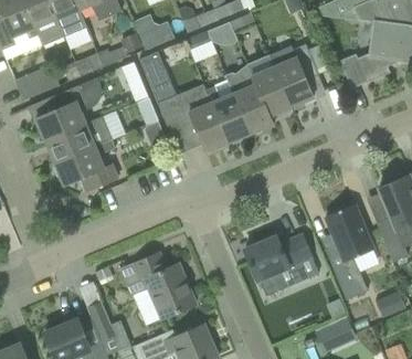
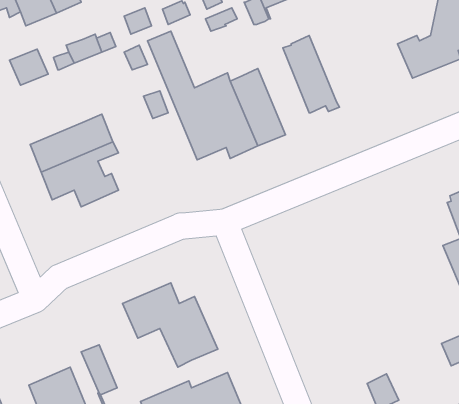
building: [268,44,318,107] -> none
building: [225,64,273,134] -> none
building: [35,78,102,142] -> none
building: [324,203,372,298] -> none
building: [244,235,318,295] -> none

